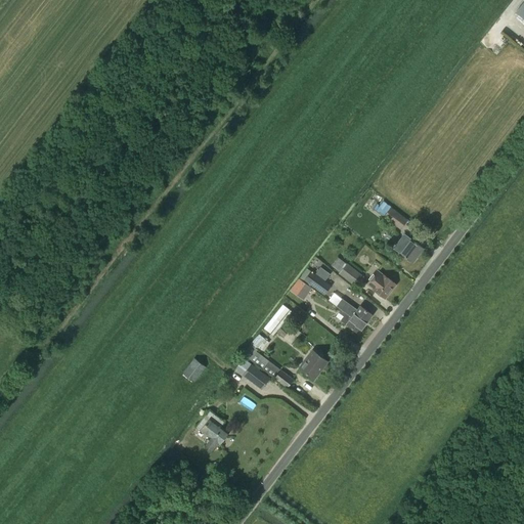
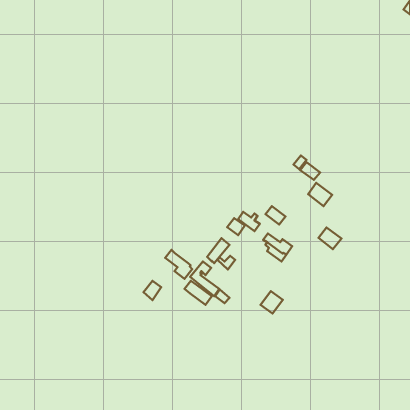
building: [366,270,396,298] -> [318,227,342,249]
building: none -> [165,250,192,279]
building: [299,350,328,379] -> [260,291,283,314]
building: [196,410,229,450] -> none

